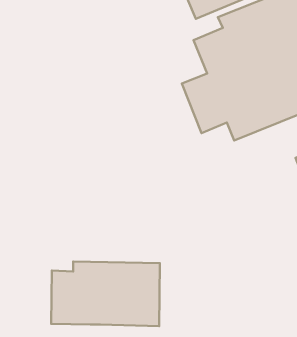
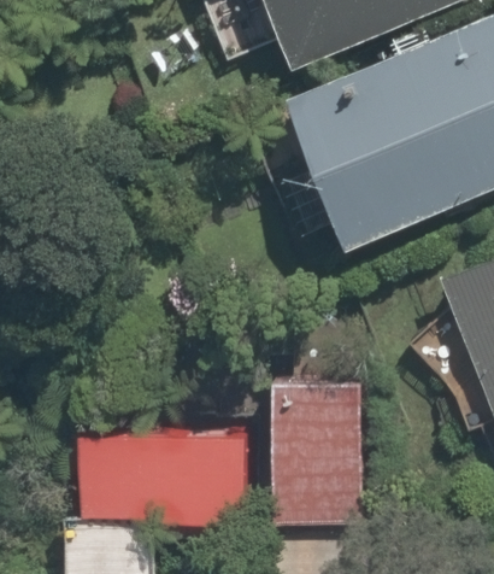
building: none -> [269,348,366,523]

